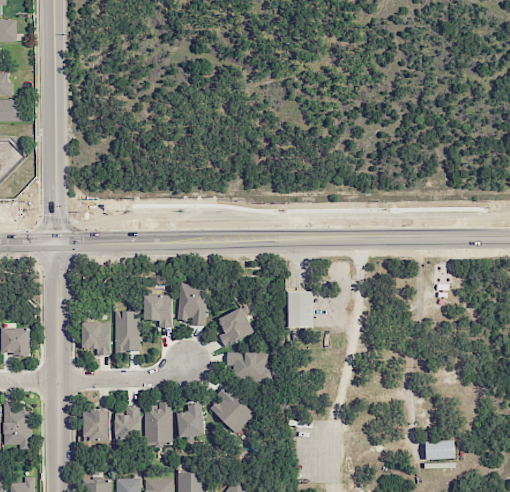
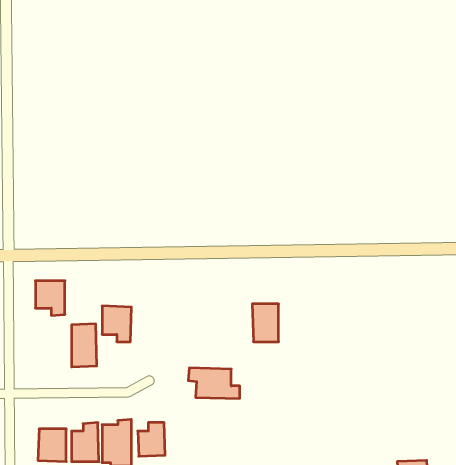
building: [177,281,207,325] -> none
building: [218,307,254,347] -> none
building: [82,322,110,355] -> [35,281,65,315]
building: [210,385,254,433] -> none

